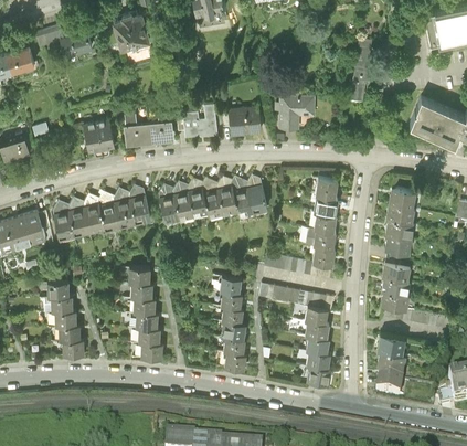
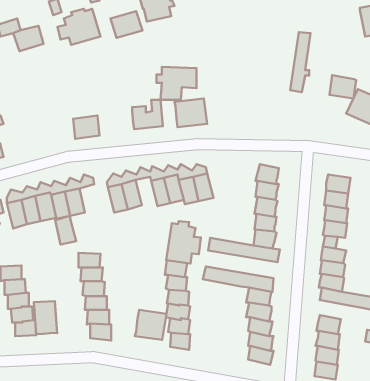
building: none -> [110,11,142,38]
building: none -> [330,75,356,98]
building: [274,93,316,127] -> [156,67,196,100]
building: [83,118,115,150] -> none
building: [148,120,176,144] -> none
building: [188,187,210,216] -> none
building: [129,194,151,224] -> [55,216,76,244]
building: none -> [166,221,201,264]
building: none -> [34,301,57,334]
building: none -> [135,310,166,340]

